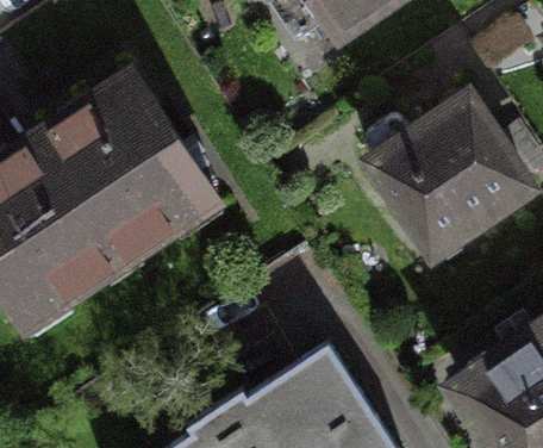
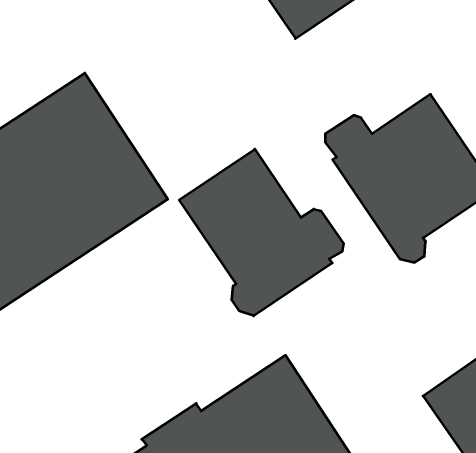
building: none -> [179,149,344,316]

